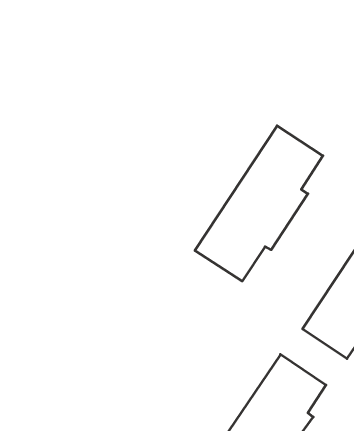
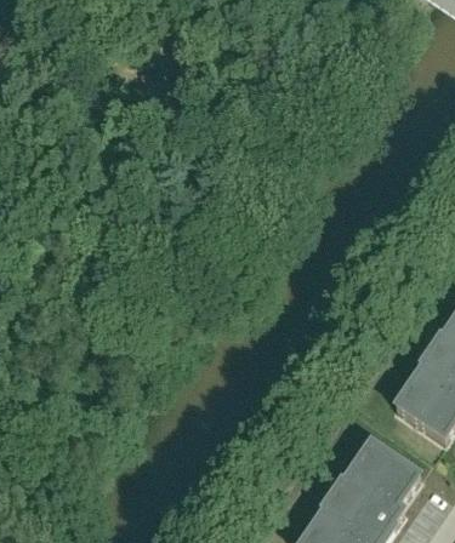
building: [195,126,323,281] -> none

